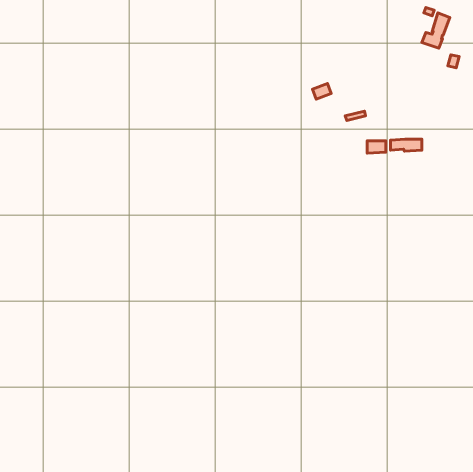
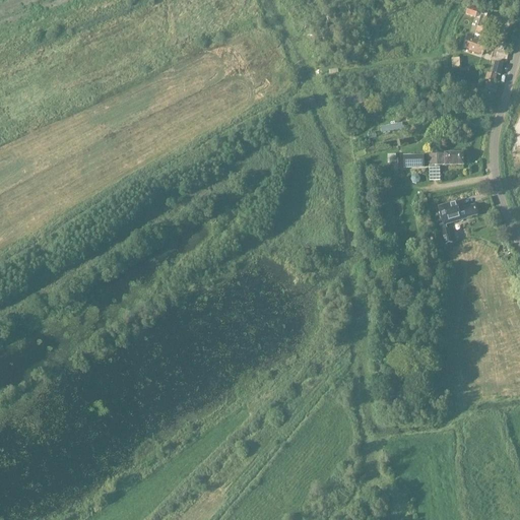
building: none -> [437,199,475,243]

